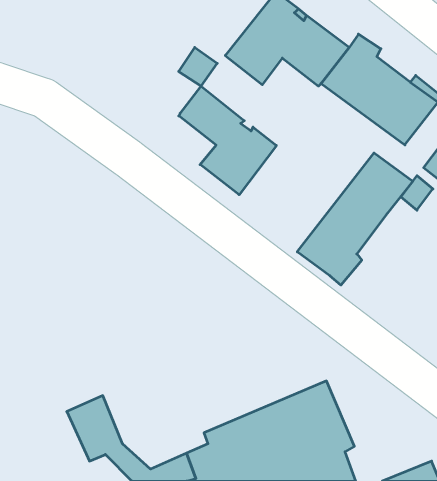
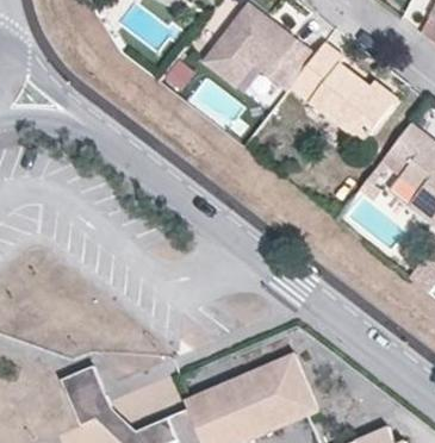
building: [179,86,276,195] -> none
building: [297,153,413,285] -> none

